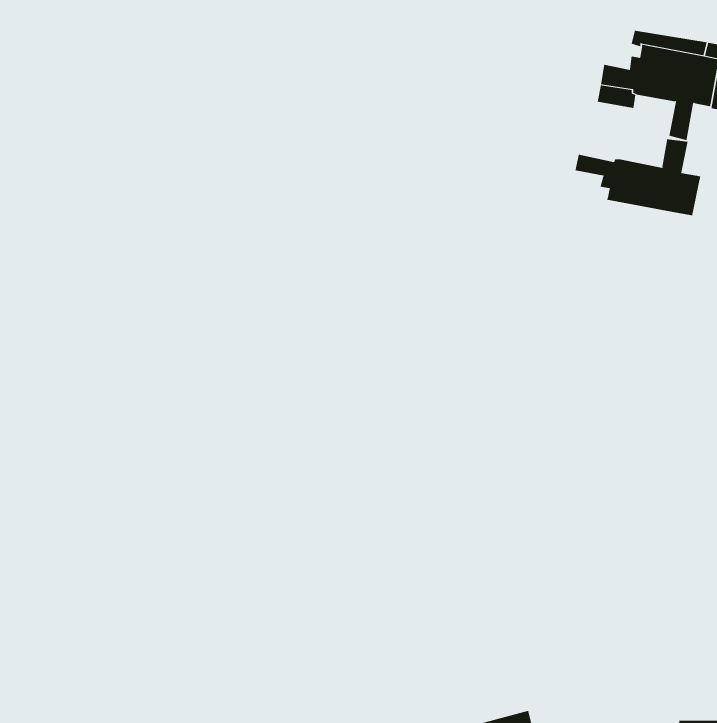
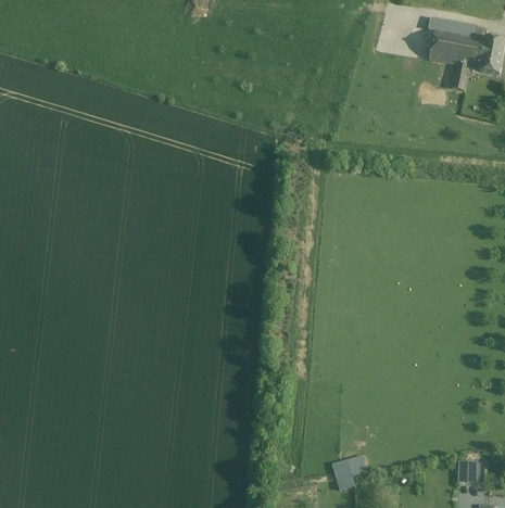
building: [575,138,701,216] -> none

